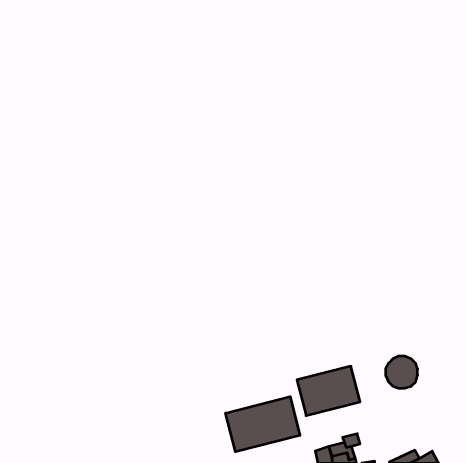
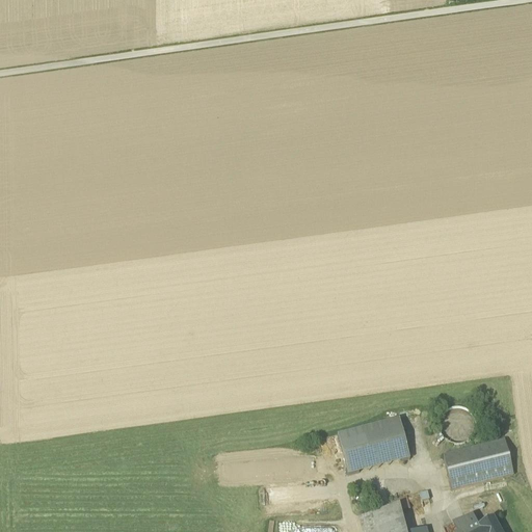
building: none -> [444,437,514,488]
building: [226,397,300,452] -> none

